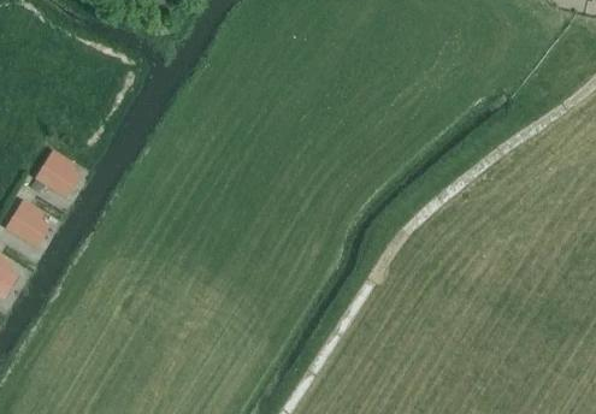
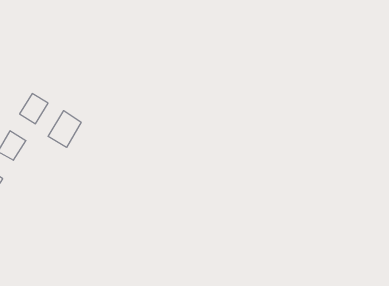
building: none -> [48,111,81,147]

